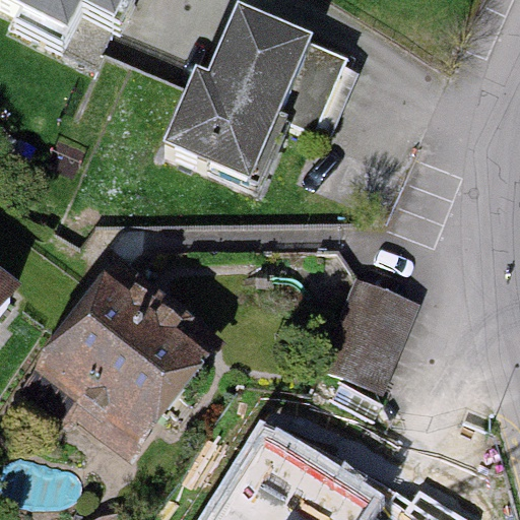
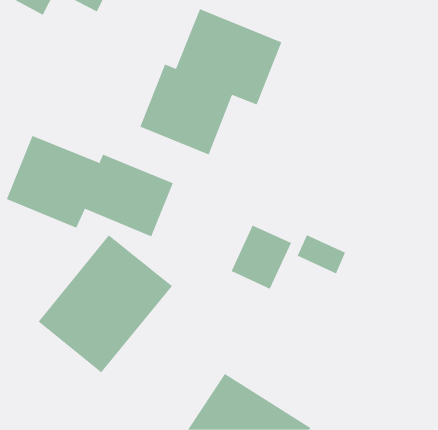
building: none -> [6,135,173,237]
building: [327,302,399,378] -> [231,225,292,289]

